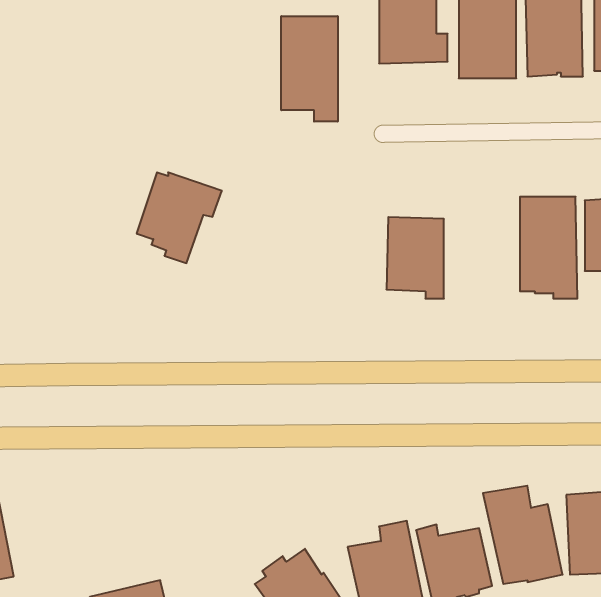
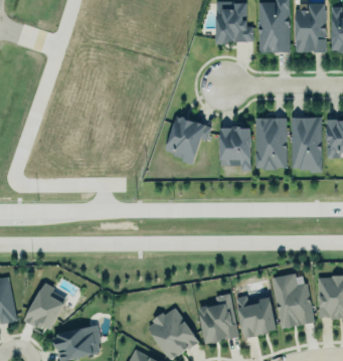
building: [281,16,338,122] -> none
building: [137,172,222,263] -> [166,116,212,165]
building: none -> [254,119,287,170]
building: none -> [23,282,67,329]

